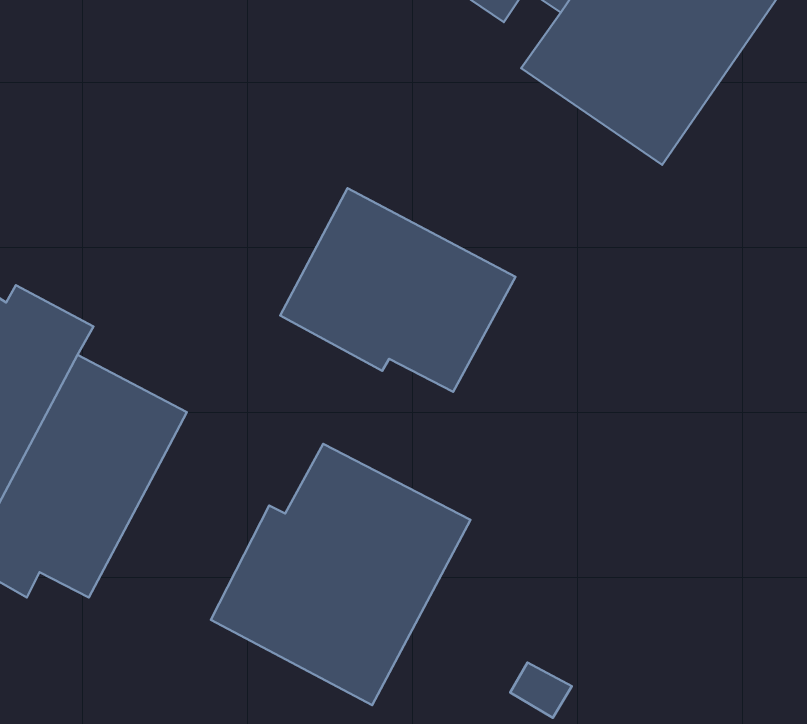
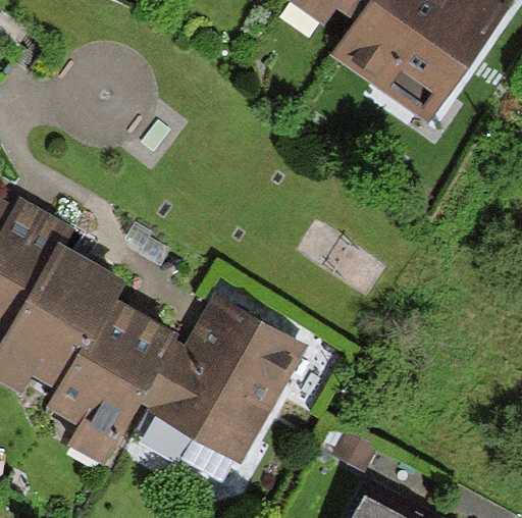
building: [280,188,516,392] -> none
building: none -> [47,301,174,466]

